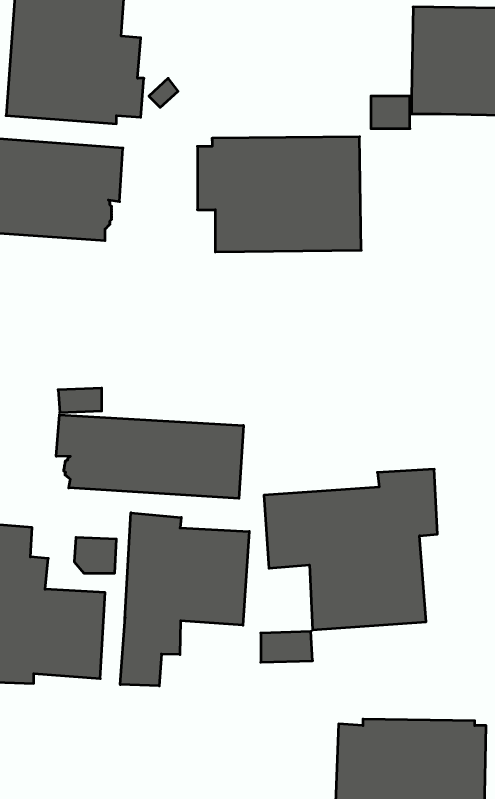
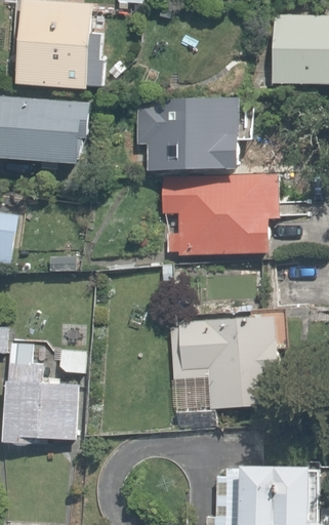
building: none -> [160,174,282,255]
building: [56,415,243,498] -> none
building: [120,513,249,686] -> none

